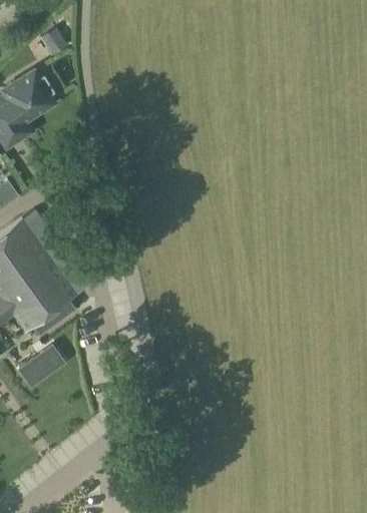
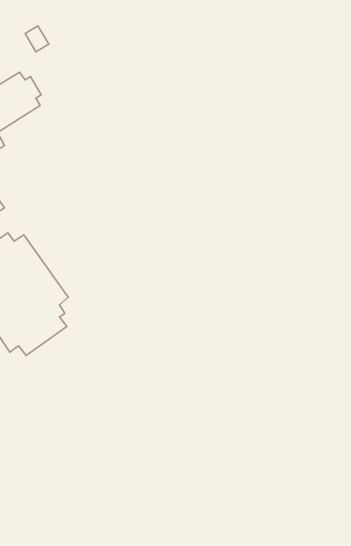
building: [19,347,63,387] -> none

